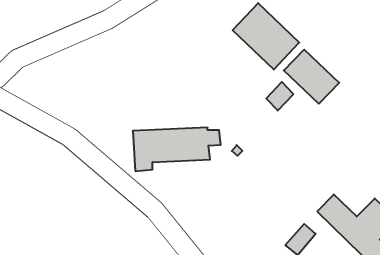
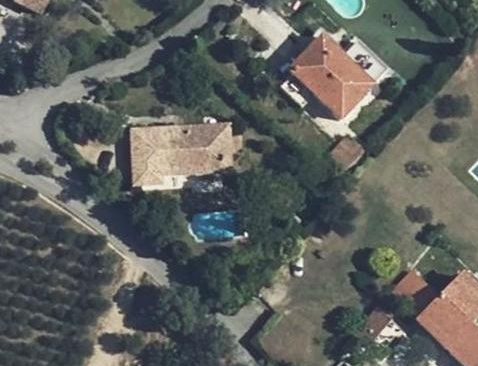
building: [284,50,339,104] -> none
building: [133,128,221,171] -> [134,127,241,180]

